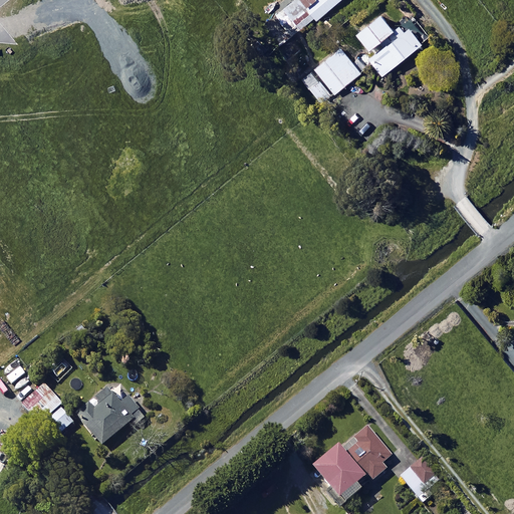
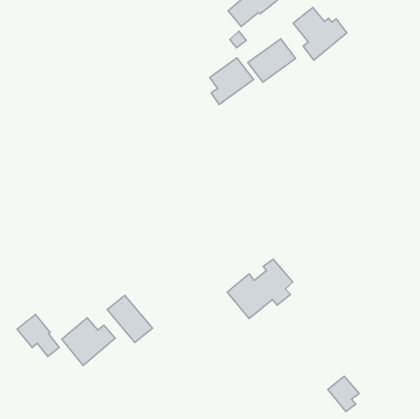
building: none -> [210,58,254,104]
building: none -> [107,295,152,342]
building: [312,427,393,499] -> [227,259,293,318]

